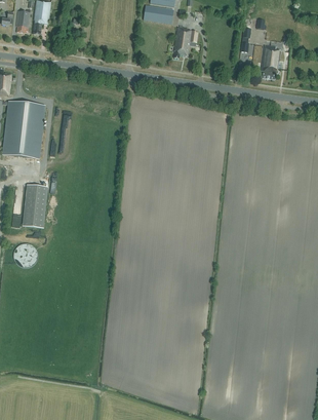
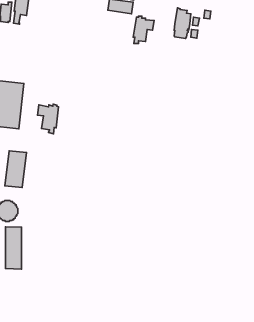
building: [261,43,280,79] -> [174,8,191,38]
building: none -> [38,104,59,134]
building: none -> [6,227,22,269]

